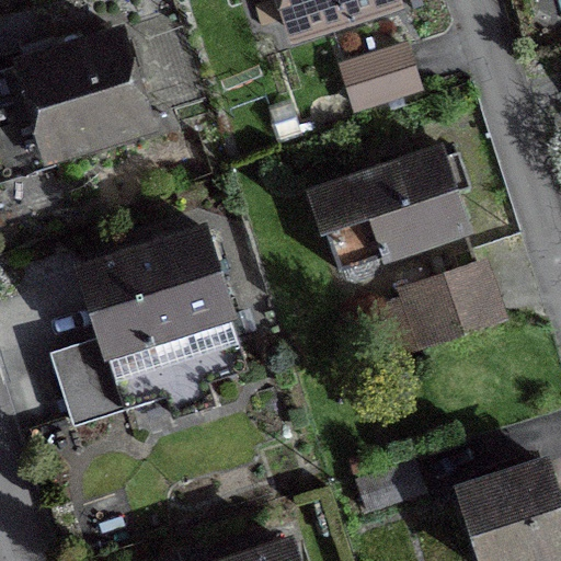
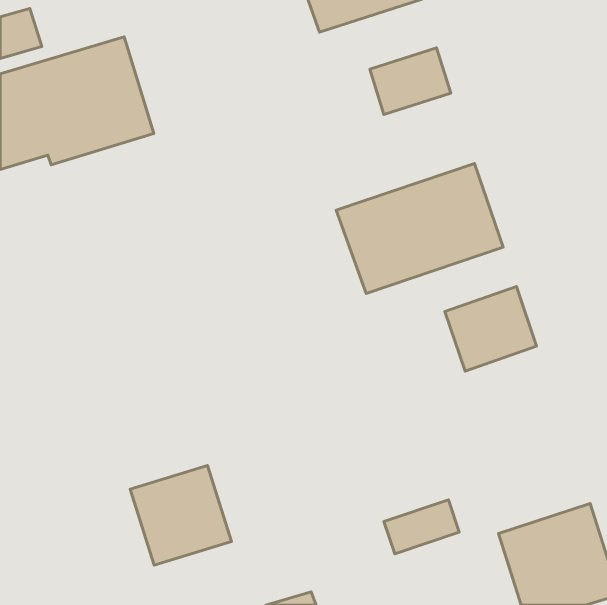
building: [51,231,243,422] -> none
building: none -> [130,465,231,565]

